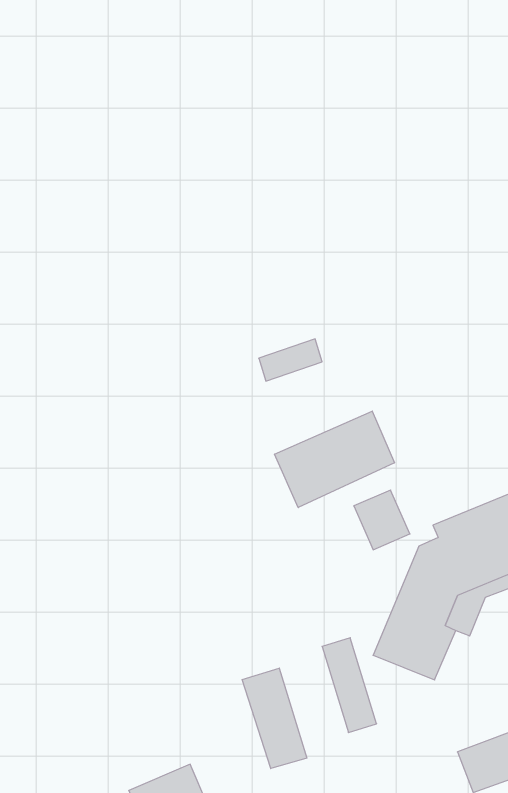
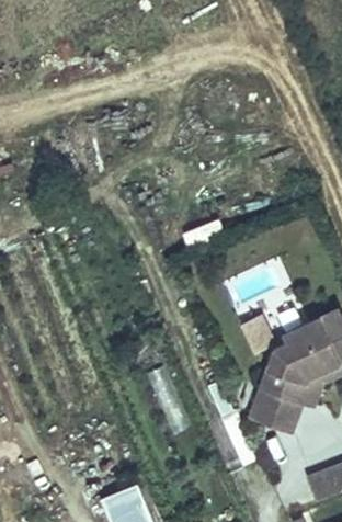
building: [275,411,394,508] -> none
building: [242,668,307,769] -> none

